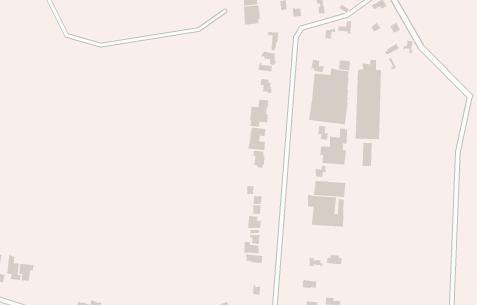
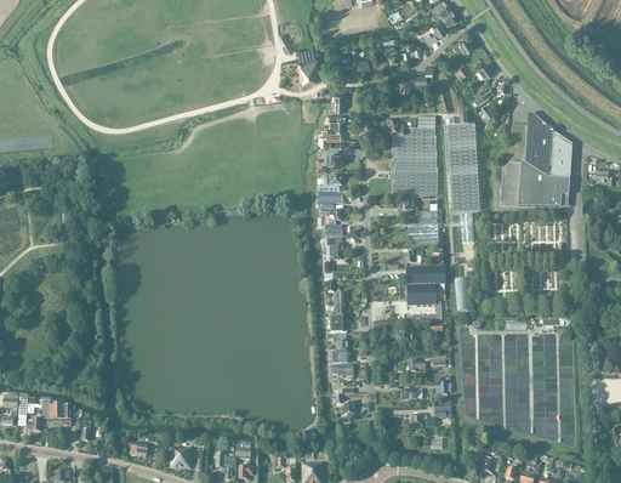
building: none -> [500,114,572,208]

